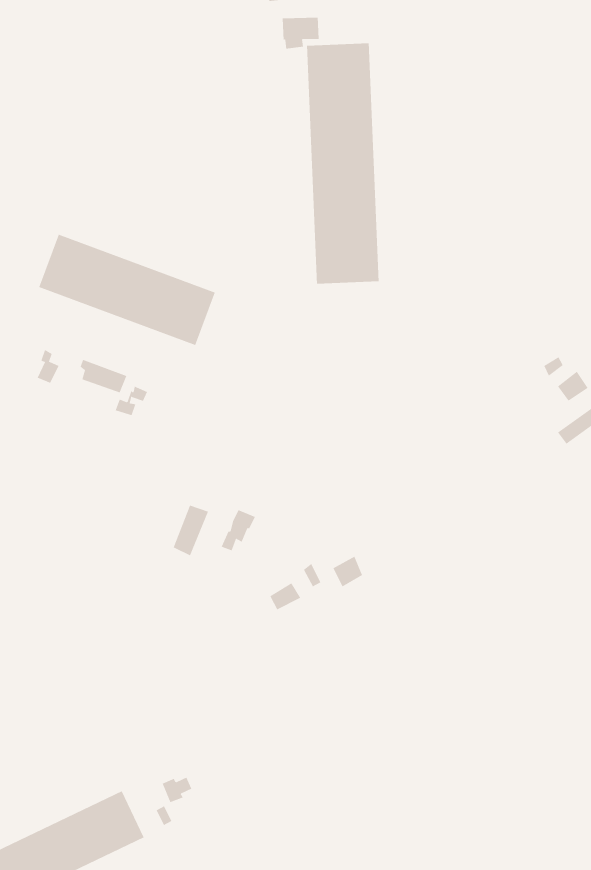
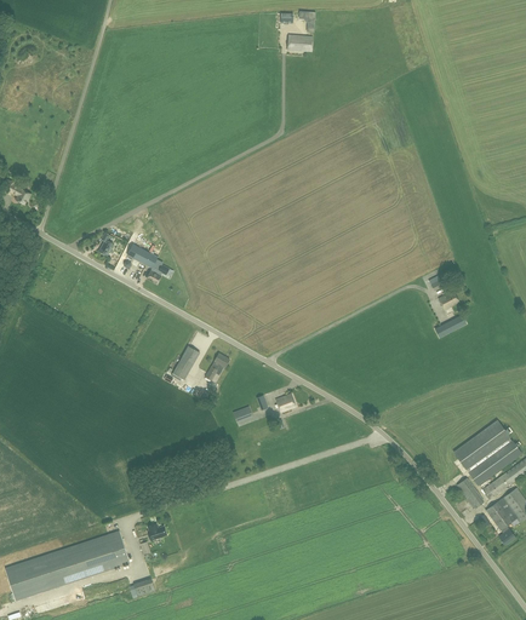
building: [307,43,379,285] -> none
building: [38,234,215,346] -> none

